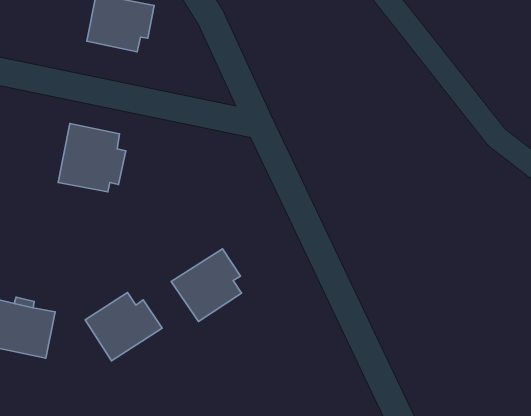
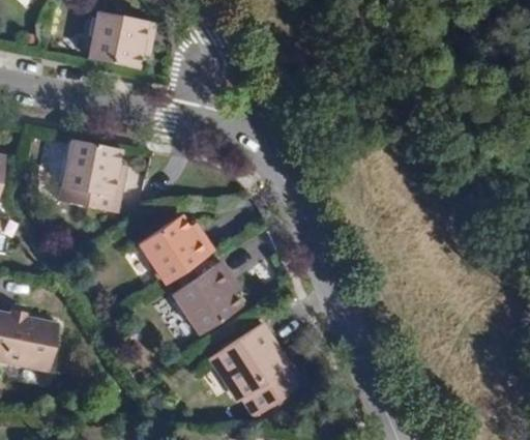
building: [85,292,162,361] -> [138,216,213,284]
building: none -> [209,324,298,417]

